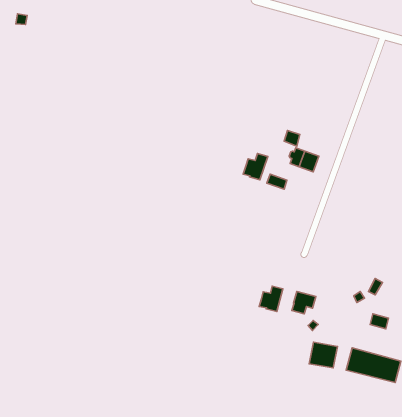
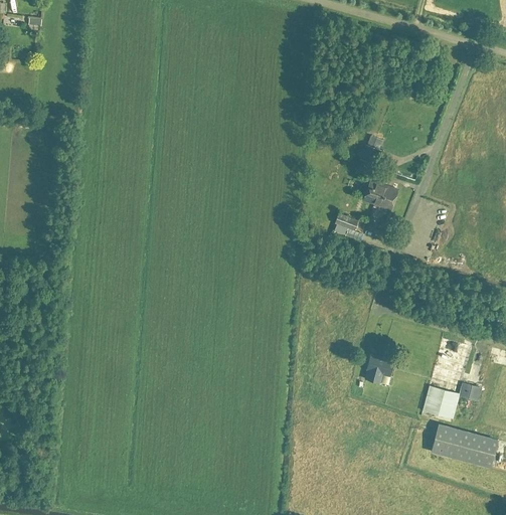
building: [243,153,268,180] -> none
building: [259,286,283,311] -> none
building: [309,342,337,368] -> [425,384,459,415]

